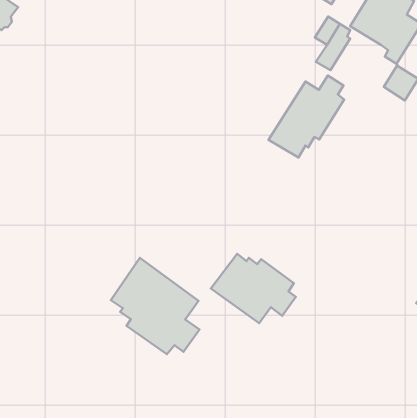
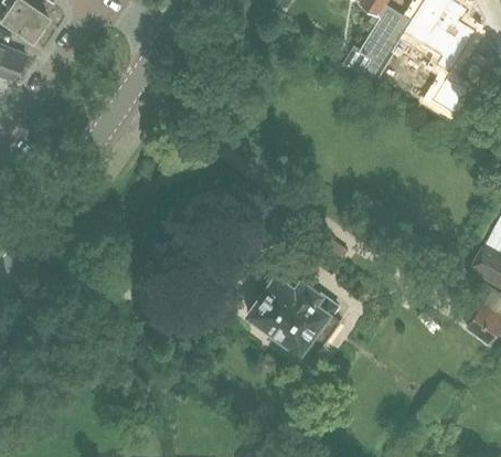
building: [268,76,344,158] -> none
building: [111,258,199,354] -> none

